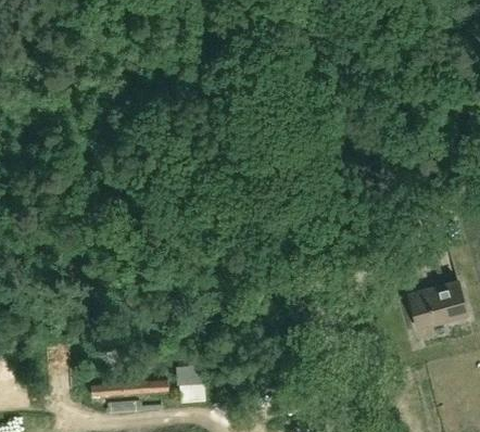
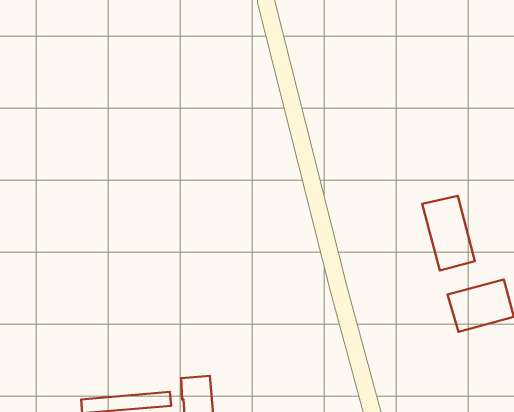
building: none -> [422,196,475,270]

